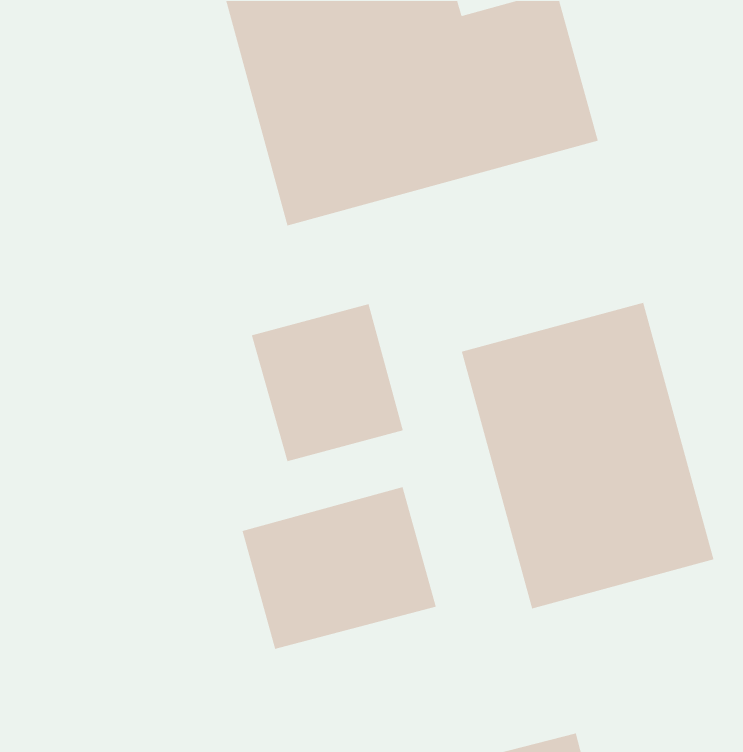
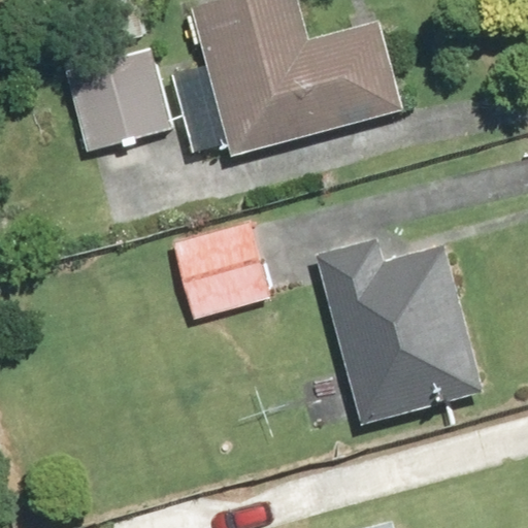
building: none -> [53,42,174,163]
building: [242,486,437,650] -> none

